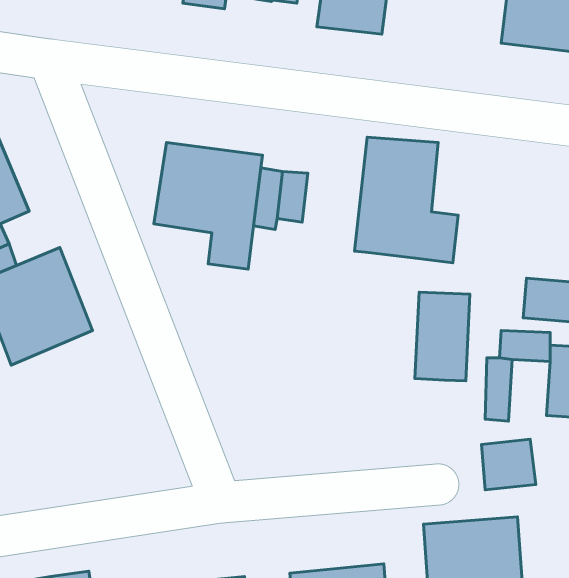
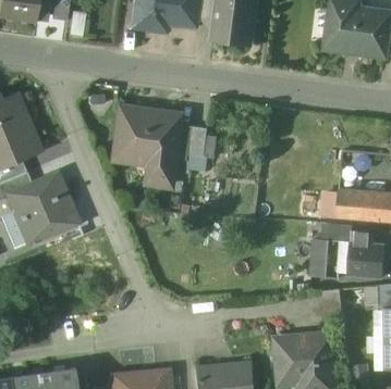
building: [355,137,458,263] -> none
building: [415,292,470,381] -> none

